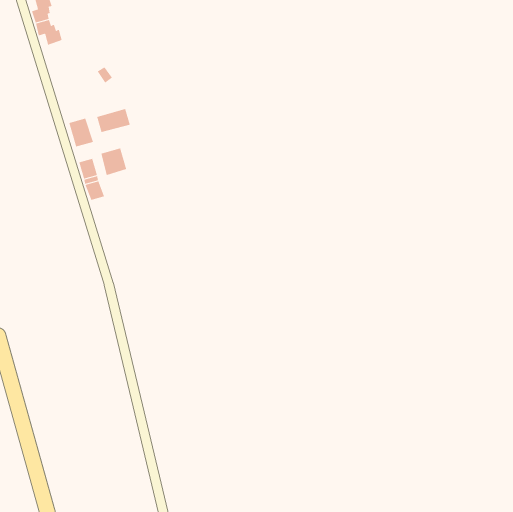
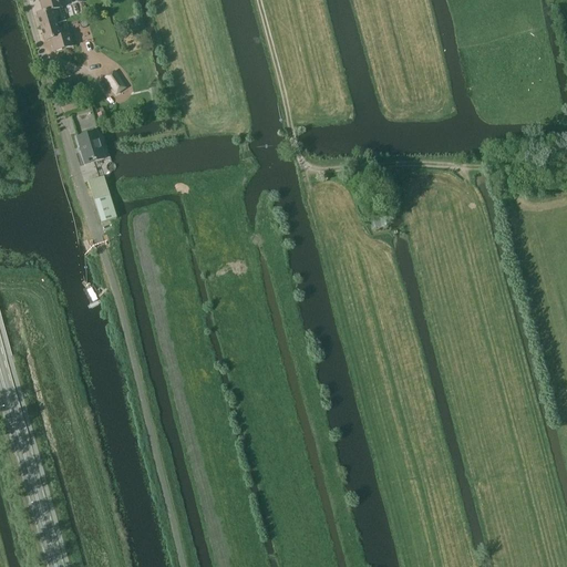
building: [97,108,131,133] -> none
building: [101,148,127,176] -> none

